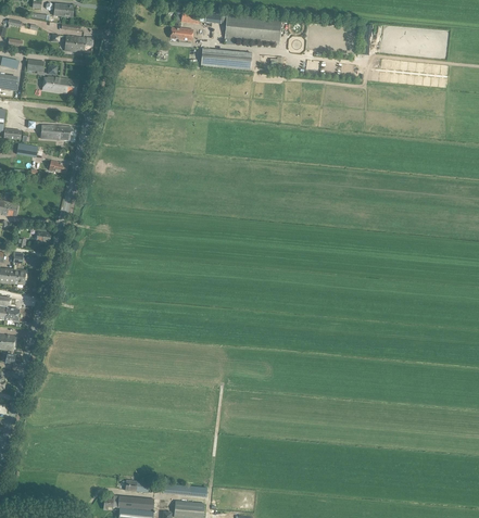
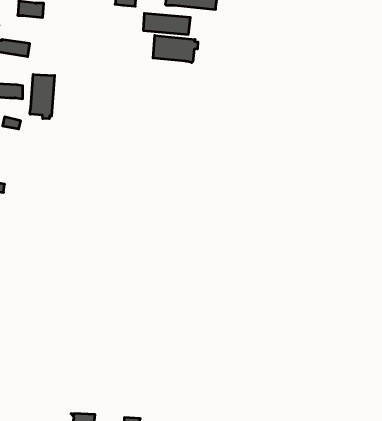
building: none -> [153,35,198,63]
building: none -> [30,74,55,119]

